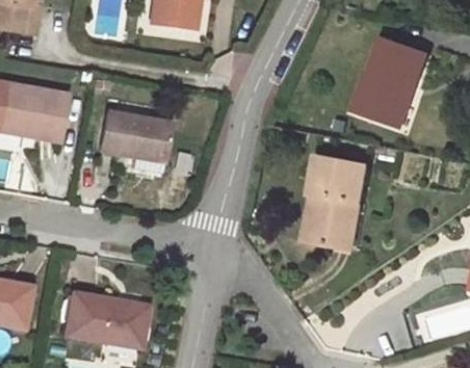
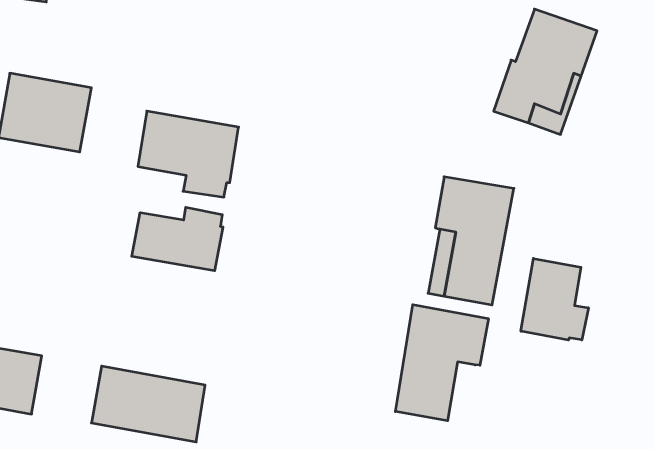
building: none -> [132,207,223,271]
building: none -> [521,258,588,340]
building: none -> [395,305,488,421]

